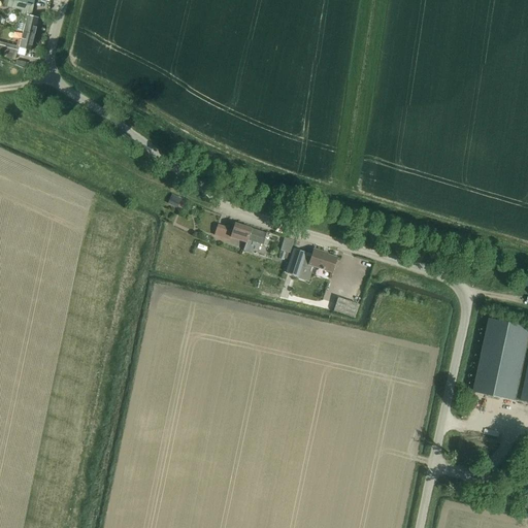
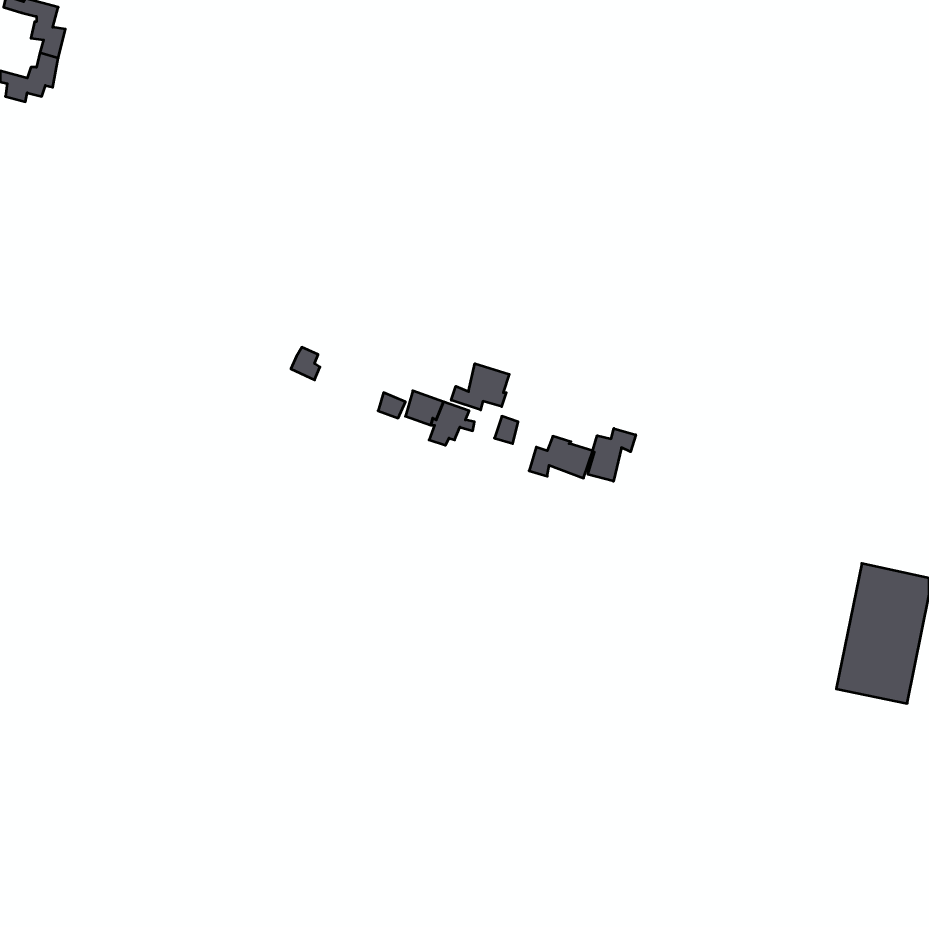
building: none -> [451,364,509,410]
building: none -> [588,428,636,481]

